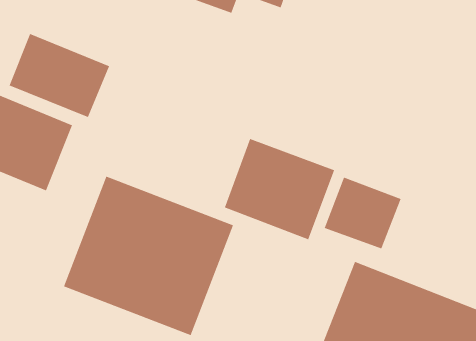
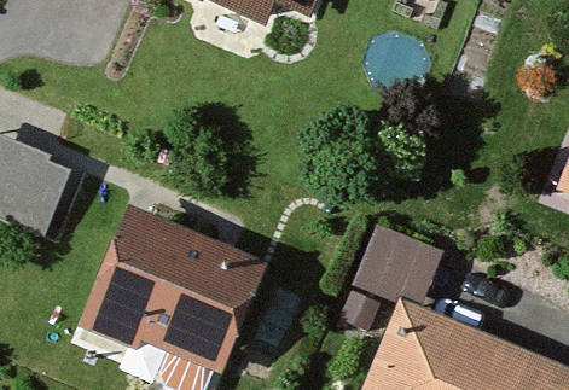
building: [9,33,110,118] -> none
building: [224,138,335,240] -> none

